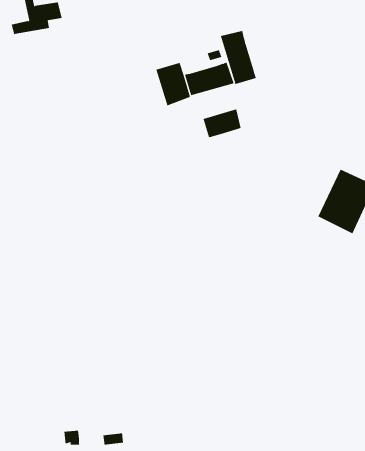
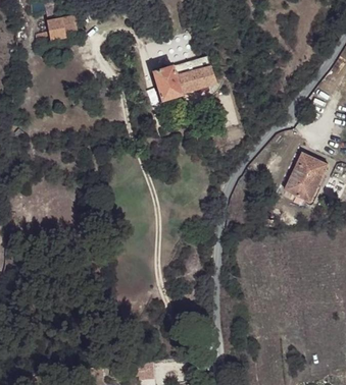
building: [220,30,257,85] -> none
building: [203,108,241,138] -> none

